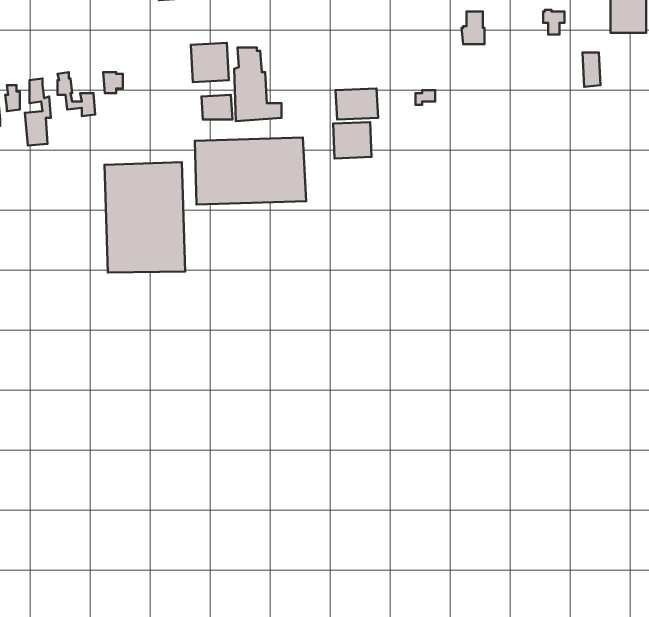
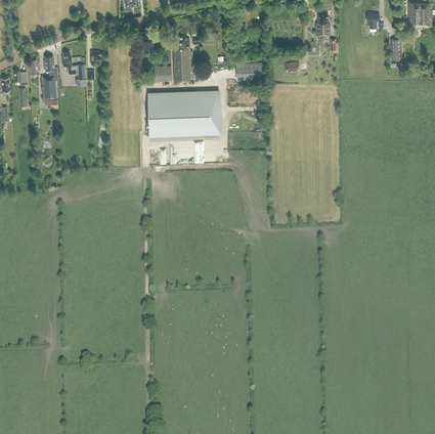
building: [191,43,229,82] -> none
building: [333,122,372,158] -> none
building: [105,162,185,272] -> none

